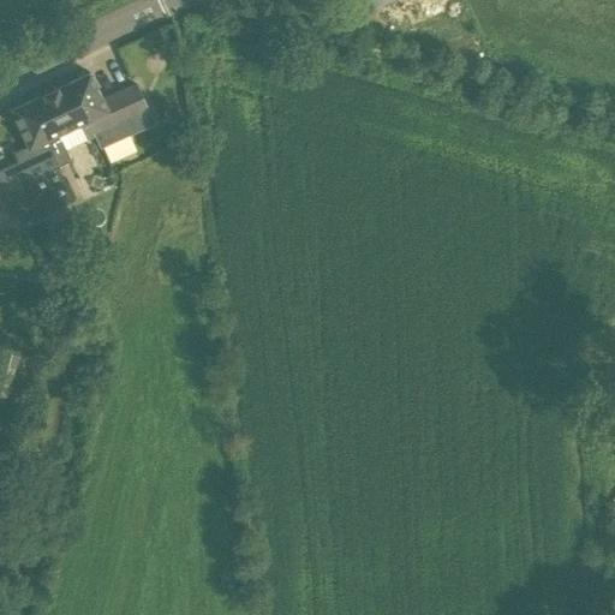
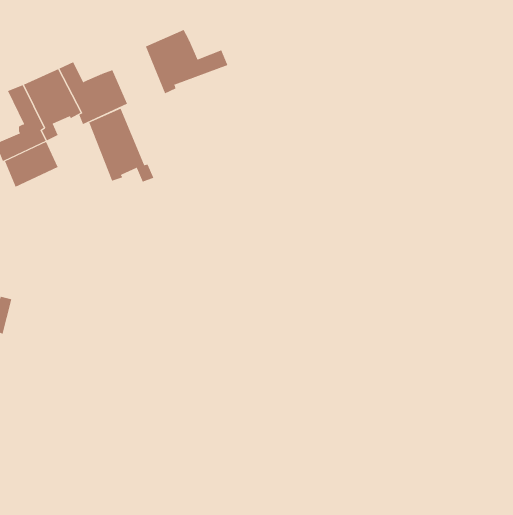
building: none -> [145,29,228,94]
building: none -> [88,108,154,183]

